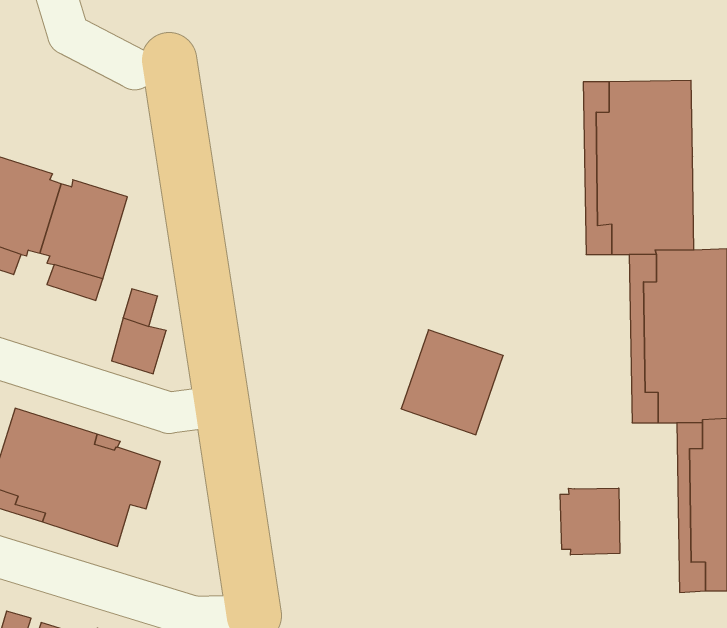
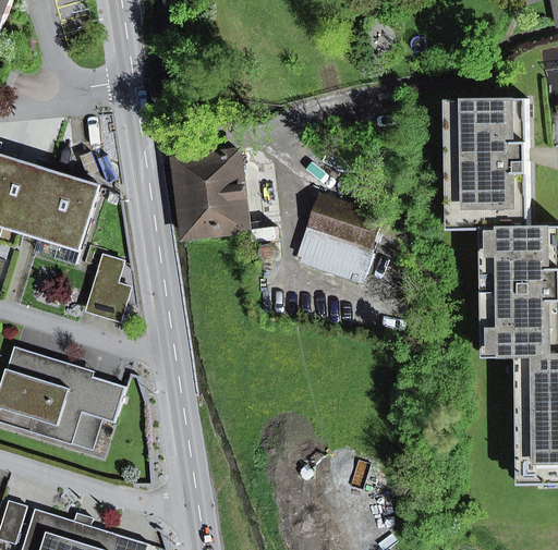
building: none -> [174,151,247,237]
building: [401,330,503,435] -> [302,196,379,276]
building: [560,488,620,555] -> none

